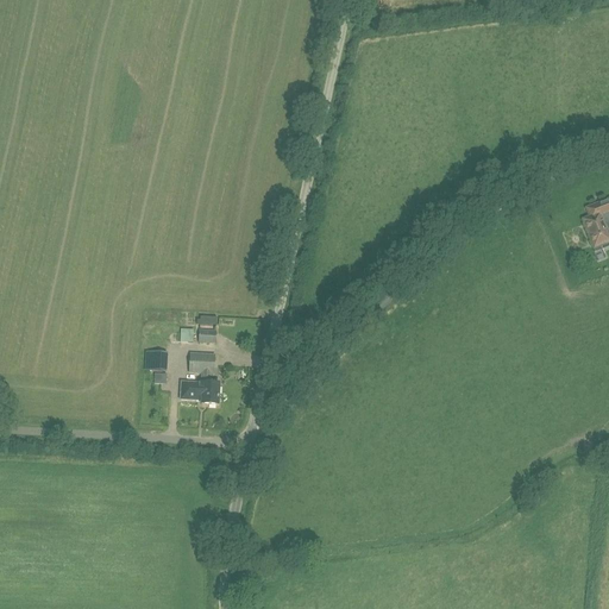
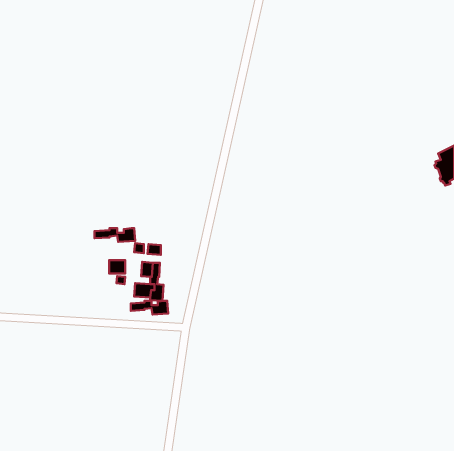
building: none -> [94,228,135,242]
building: none -> [131,301,168,315]

